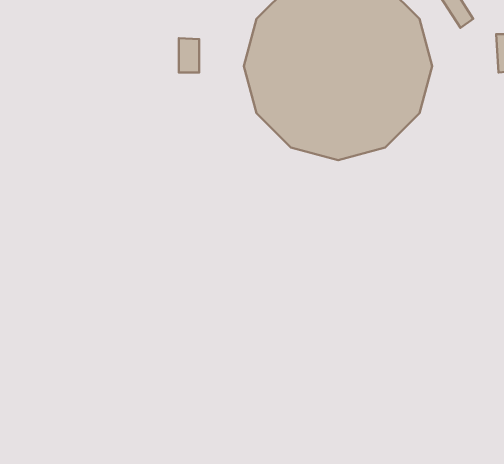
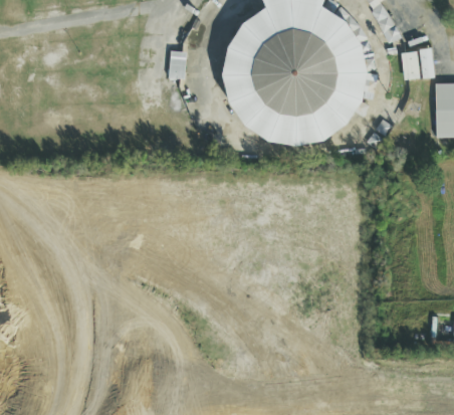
building: none -> [401,49,421,78]

